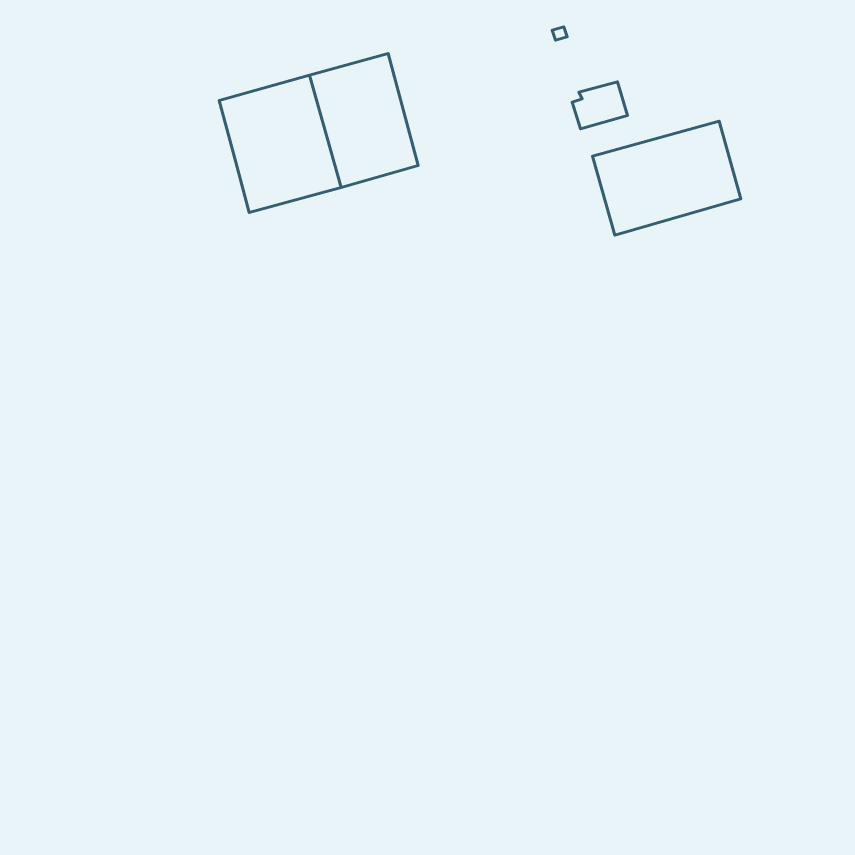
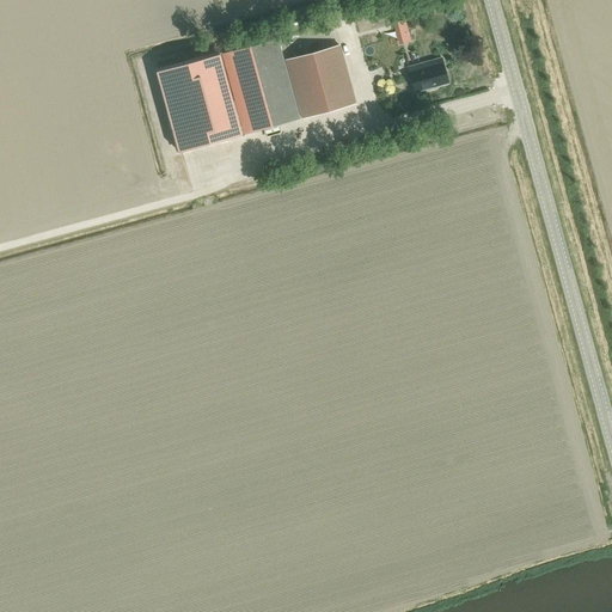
building: none -> [286,45,355,118]
building: [592,121,741,235] -> none

